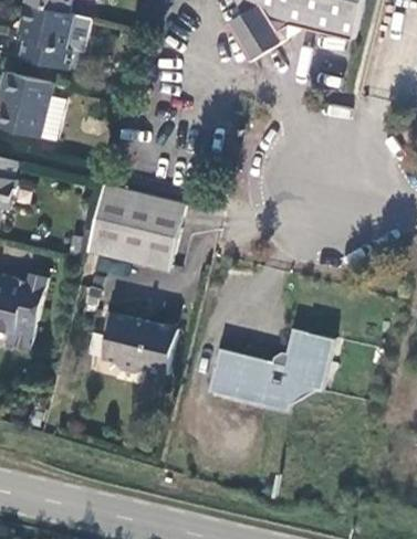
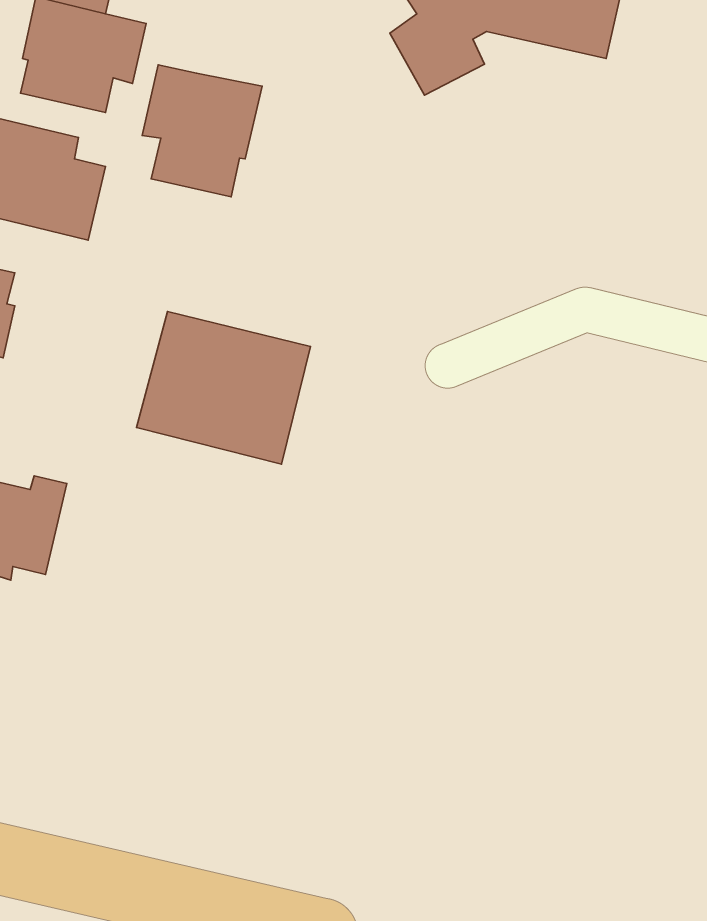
building: none -> [142,65,262,197]
building: [104,311,176,376] -> none
building: [209,329,334,409] -> none

